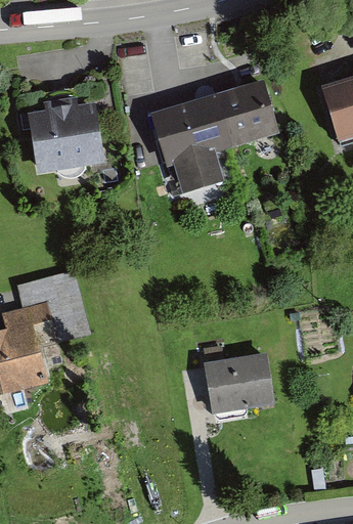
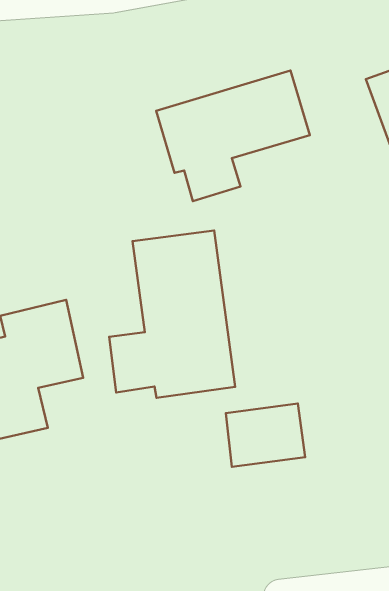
building: [28,98,105,175] -> none
building: none -> [109,230,235,398]

